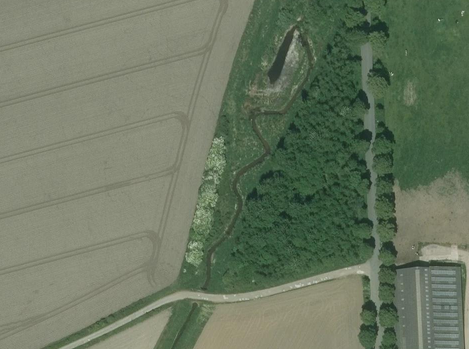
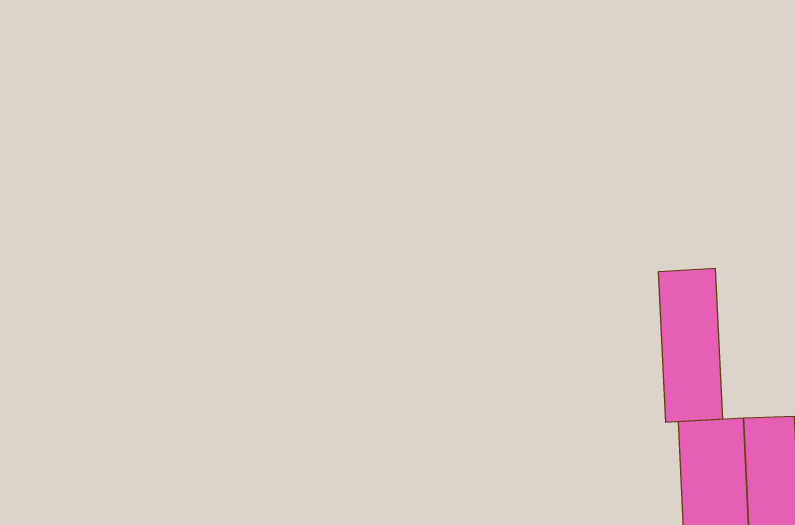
building: none -> [659,268,722,422]

